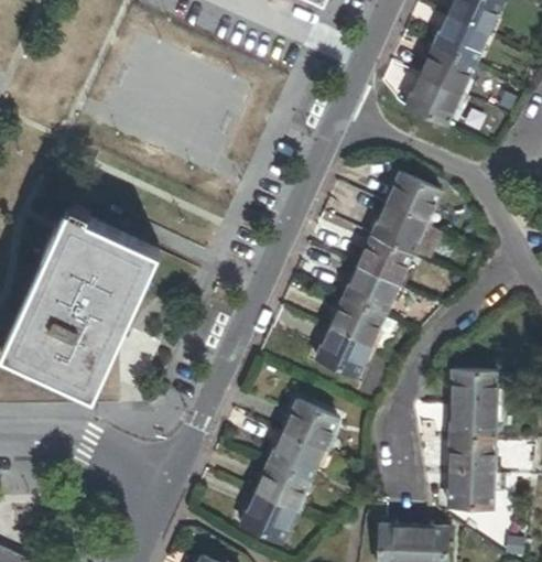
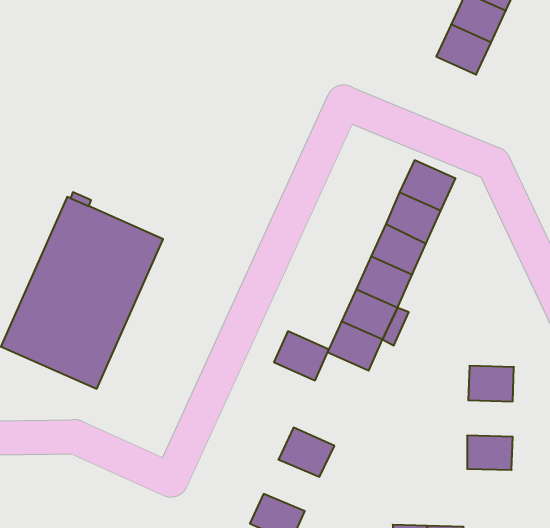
building: [406,74,459,123] -> none
building: [283,402,336,450] -> [274,331,329,380]
building: [451,406,495,441] -> none
building: [254,463,308,512] -> none
building: [449,472,494,507] -> none

